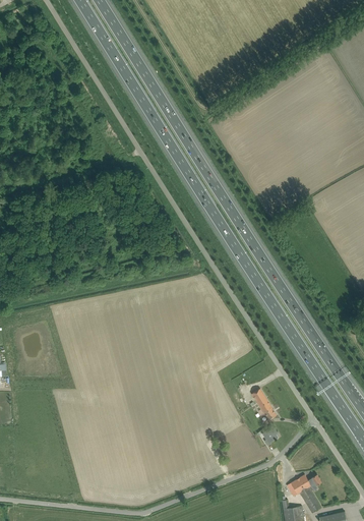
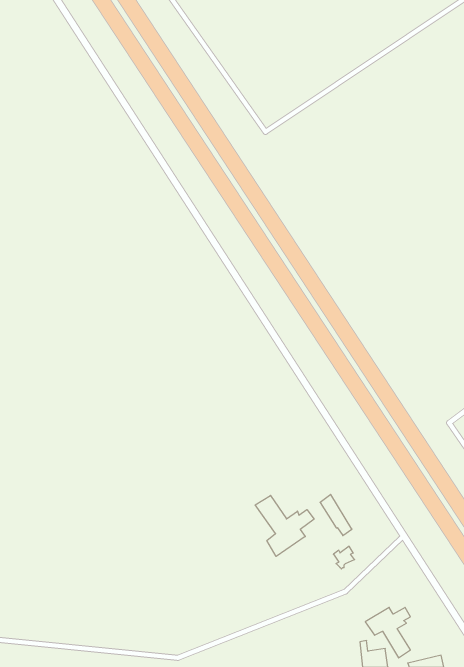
building: none -> [255,495,314,556]

